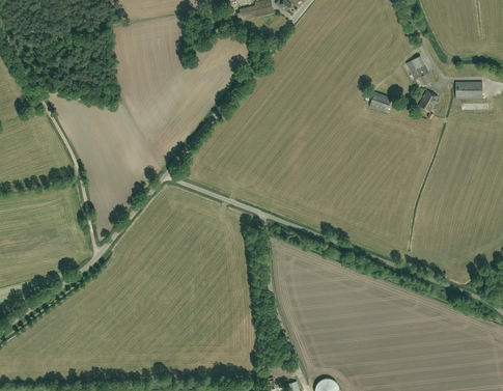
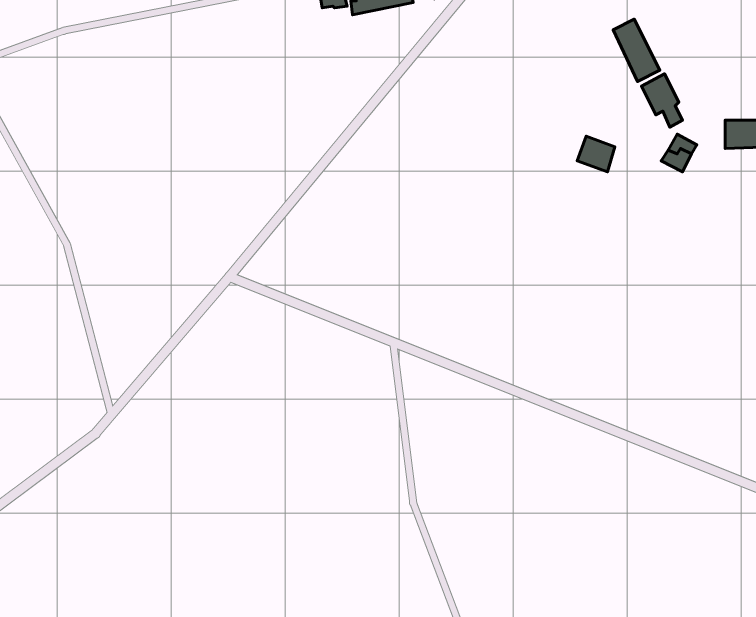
building: none -> [613,19,660,81]

